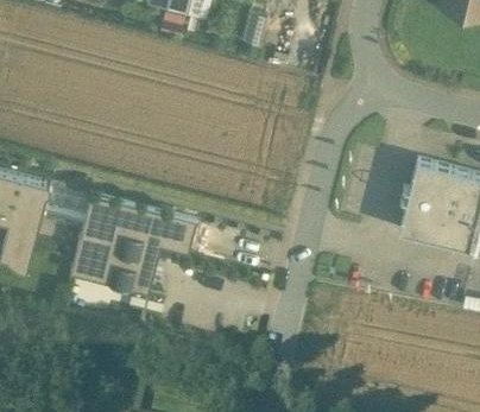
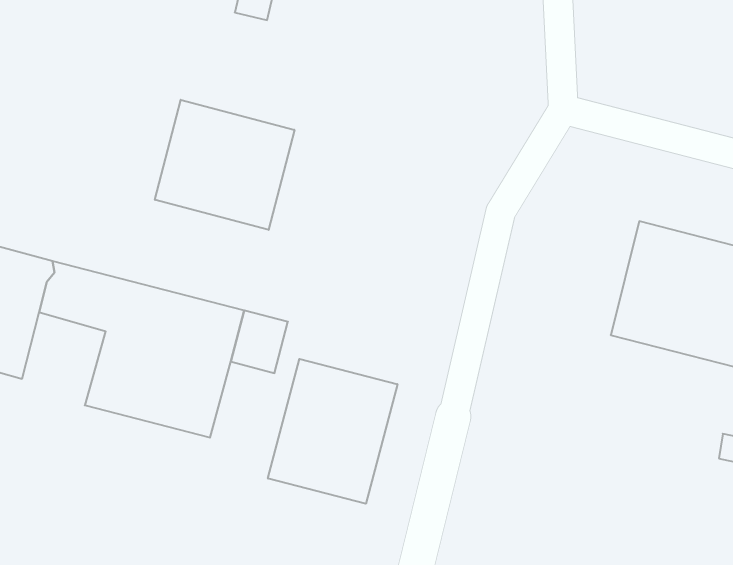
building: none -> [155,100,294,230]
building: none -> [268,359,397,504]

